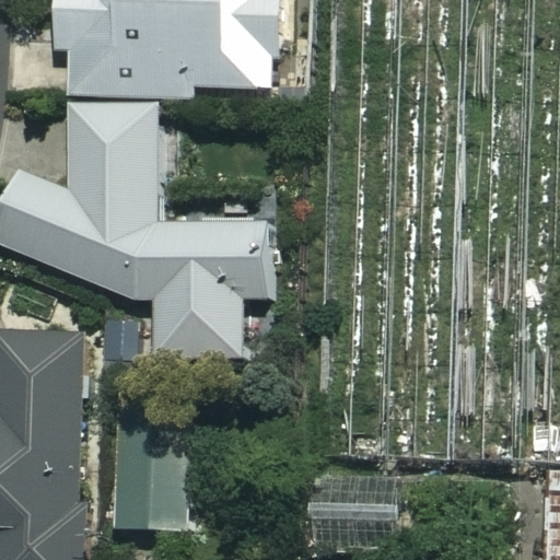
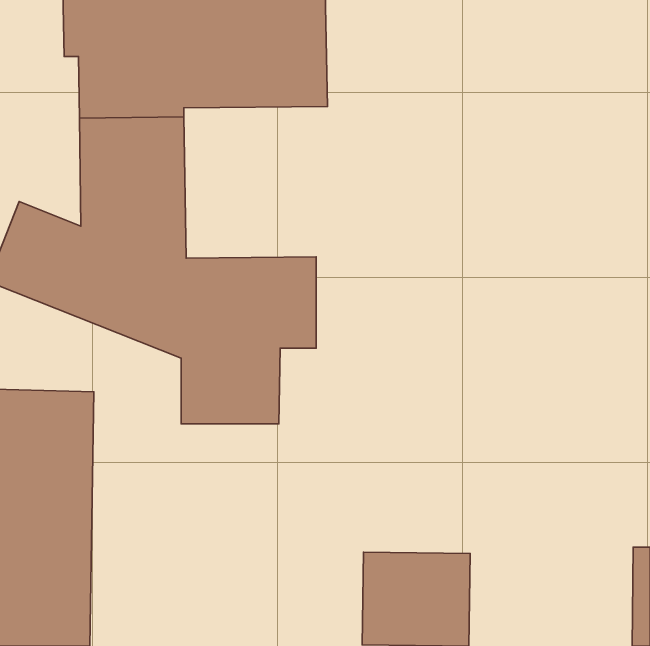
building: [113,401,196,530] -> none

